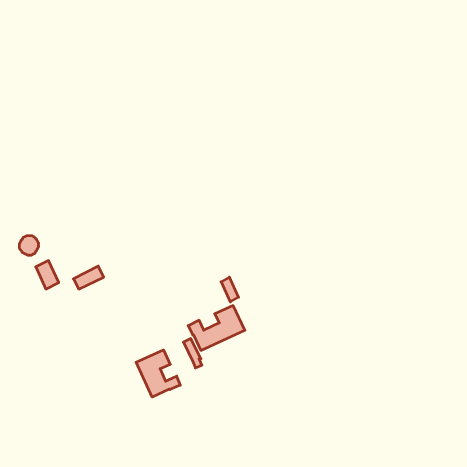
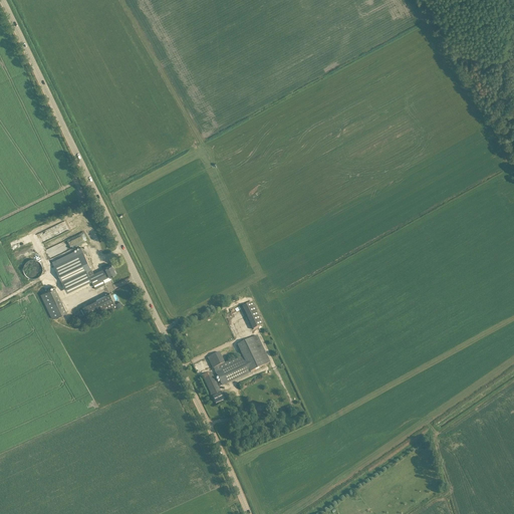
building: none -> [50,245,113,286]
building: [136,350,180,397] -> none

